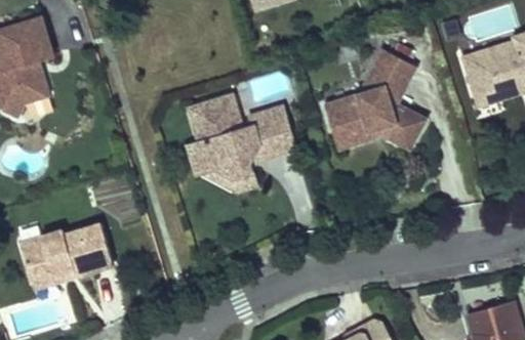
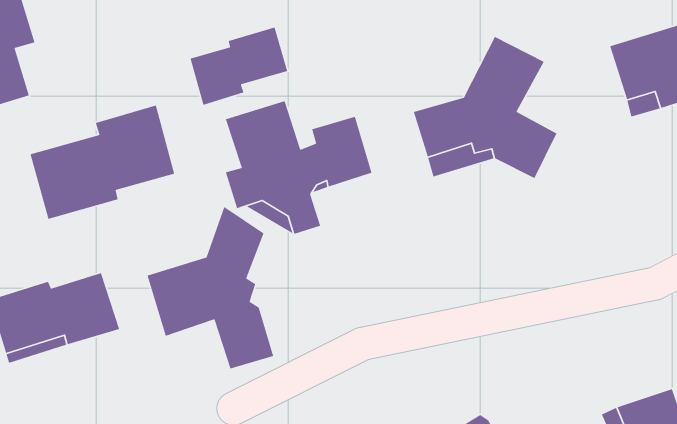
building: none -> [190,27,288,106]
building: none -> [30,104,175,220]
building: none -> [146,206,274,370]

